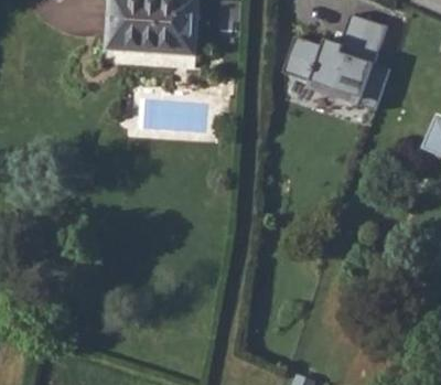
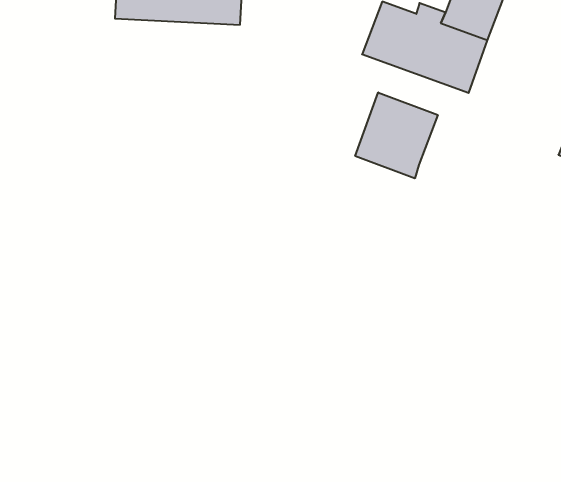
building: none -> [355,92,438,178]

